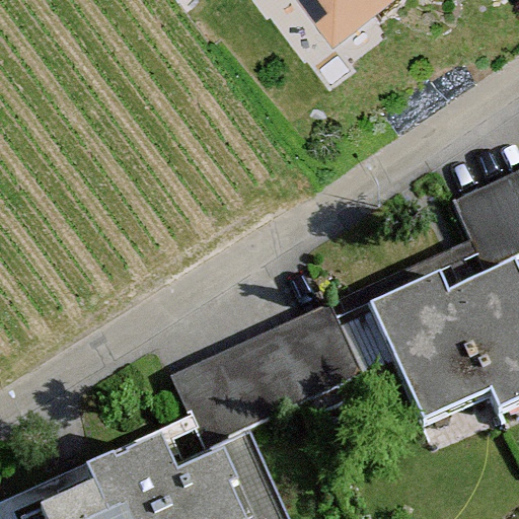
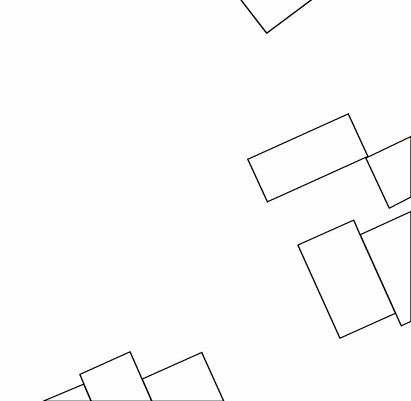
building: none -> [248,114,368,202]
building: [192,306,361,433] -> none

